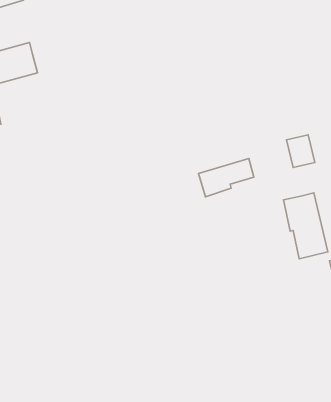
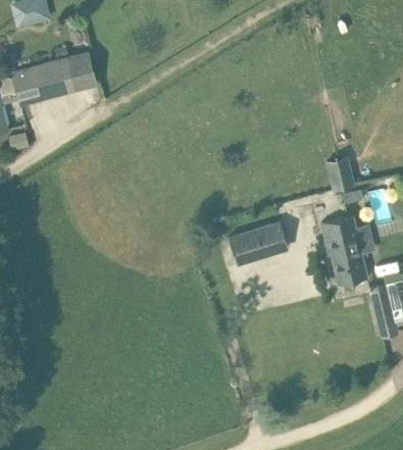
building: none -> [58,53,98,93]
building: [199,159,254,197] -> [230,227,287,266]

